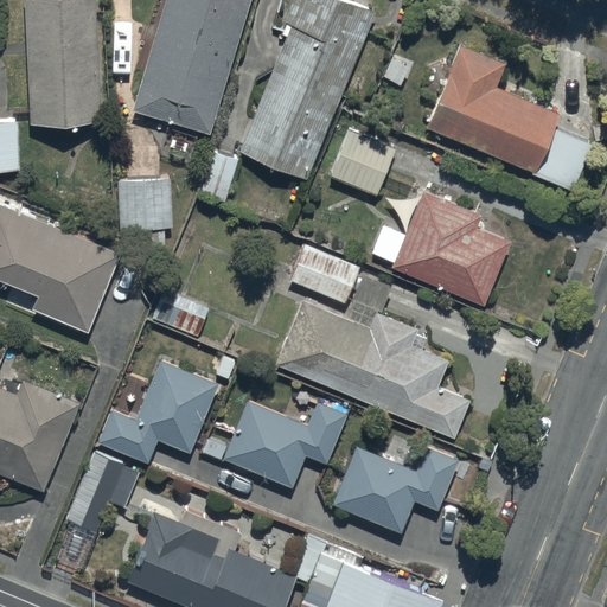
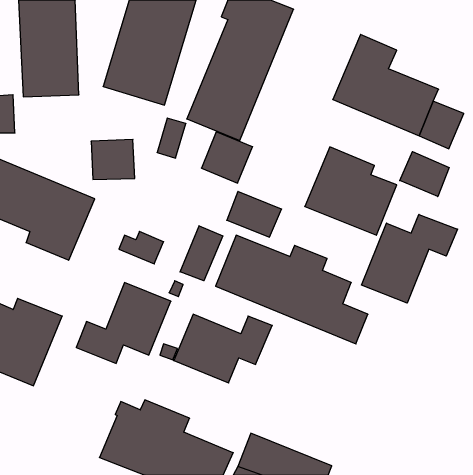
building: [330,129,395,194] -> [201,132,253,183]
building: none -> [400,152,449,197]
building: none -> [361,214,458,303]
building: none -> [180,226,223,281]
building: [331,447,459,535] -> none
building: [65,452,139,532] -> none

